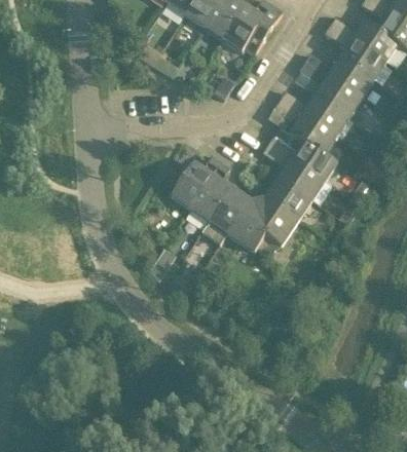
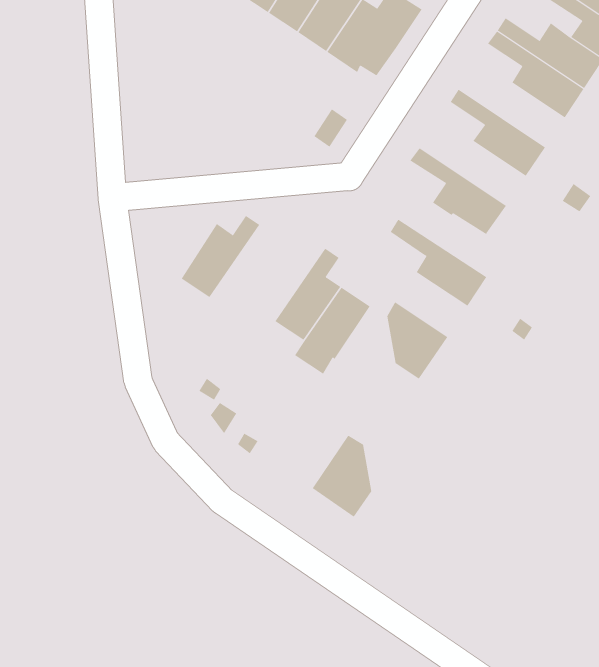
building: [305,53,373,99] -> none
building: [281,90,348,136] -> none
building: [267,136,337,181] -> none
building: [171,156,221,209] -> [181,215,260,298]
building: [265,178,311,219] -> none
building: [227,199,265,252] -> [312,435,372,518]

